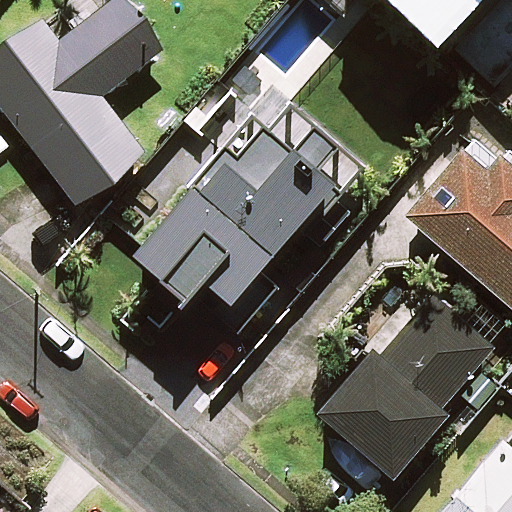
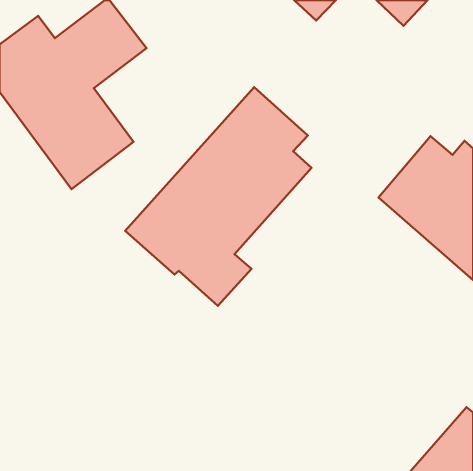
building: [319,296,495,474] -> none

